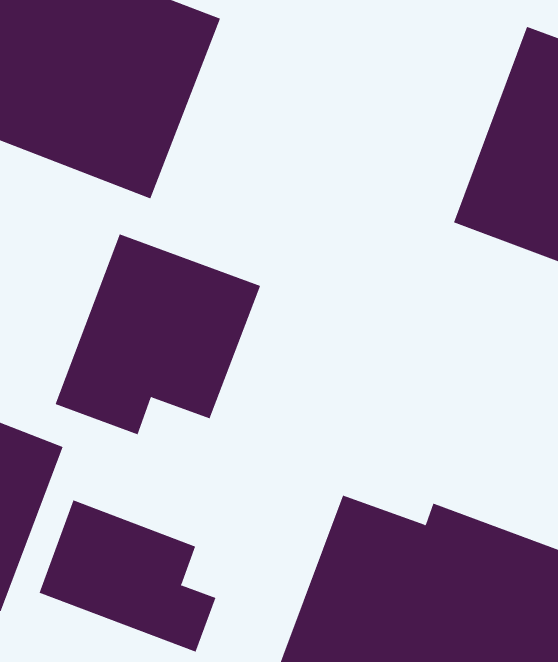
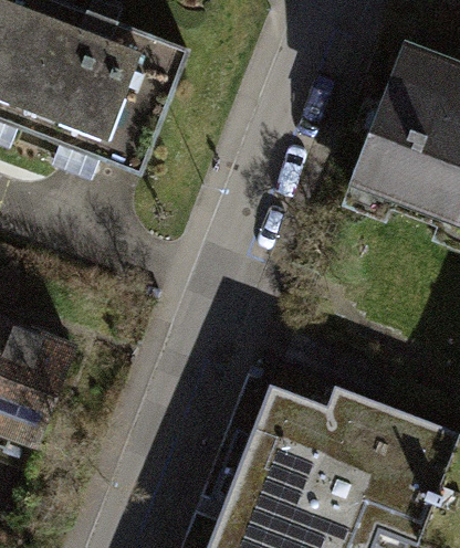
building: [55,233,261,435] -> none
building: [39,500,216,653] -> none

